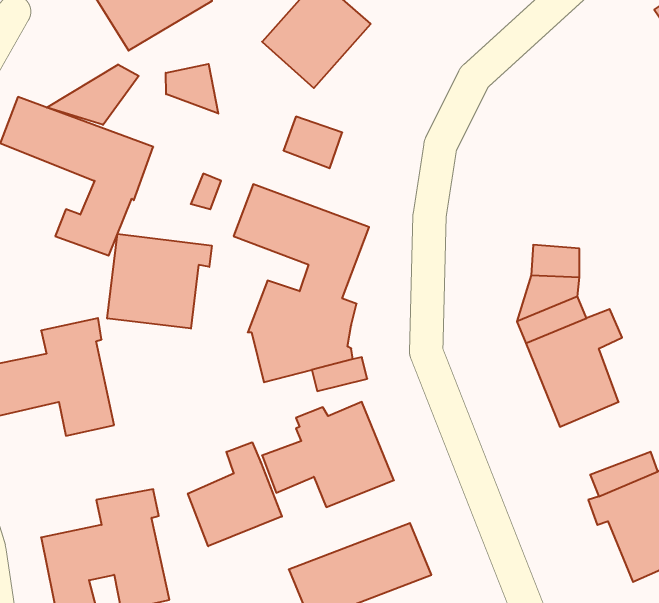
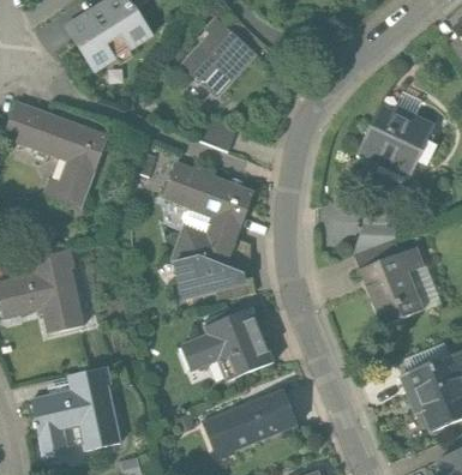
building: [166,64,218,114] -> none
building: [47,64,139,125] -> none
building: none -> [355,107,433,178]
building: [107,234,212,329] -> none
building: [188,442,282,546] -> none

